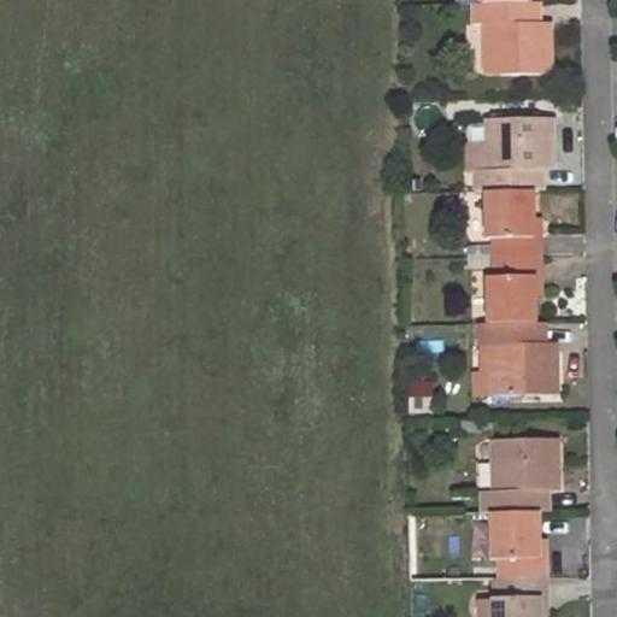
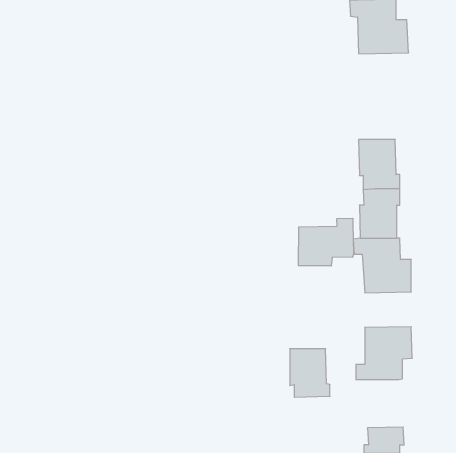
building: [475,117,553,188] -> none
building: none -> [299,218,353,266]
building: [490,511,545,576] -> [290,349,330,397]

